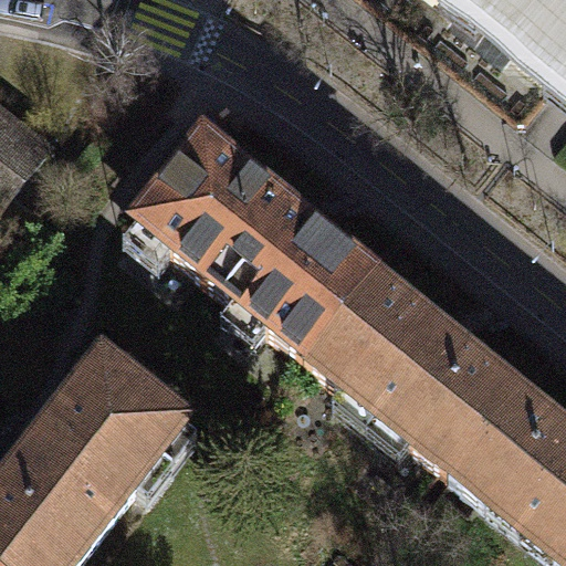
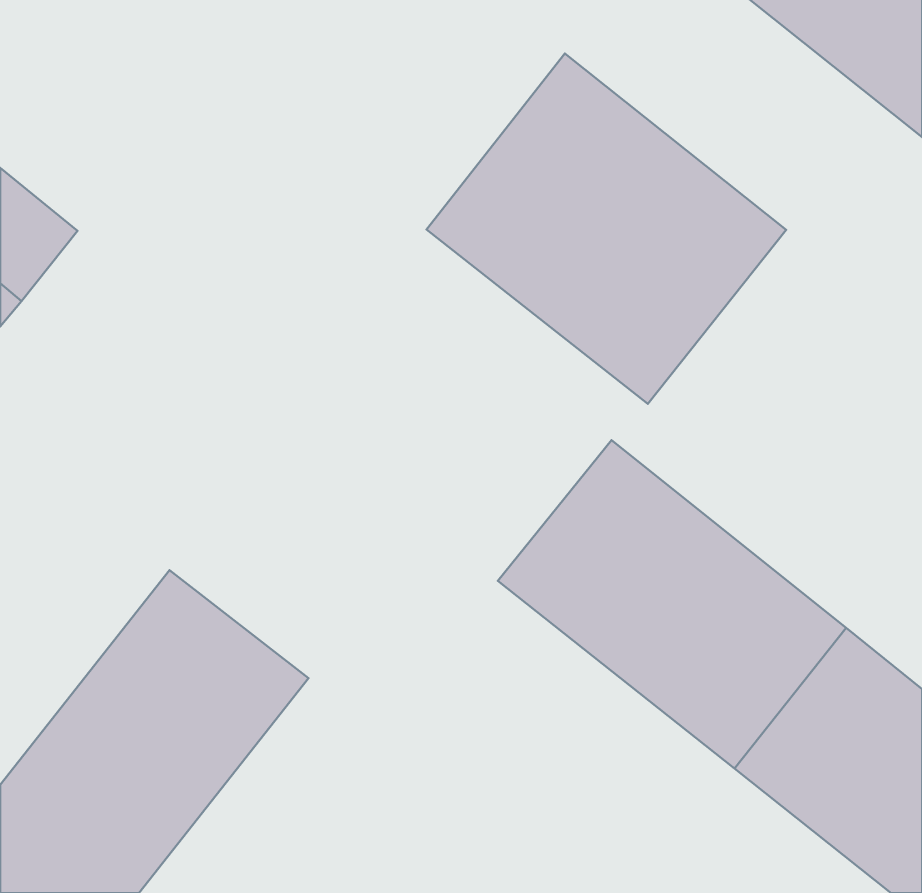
building: none -> [427,53,786,404]
building: [134,133,375,356] -> none

